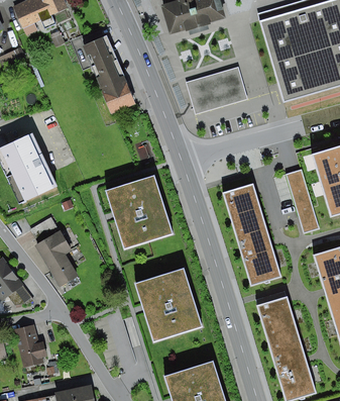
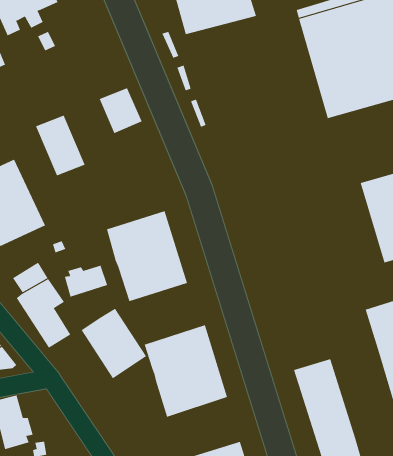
building: [82,35,122,85] -> [35,115,85,176]
building: [188,65,248,111] -> none
building: [286,169,318,232] -> none
building: [221,181,281,284] -> none
building: none -> [64,265,108,297]
building: none -> [81,307,147,379]

